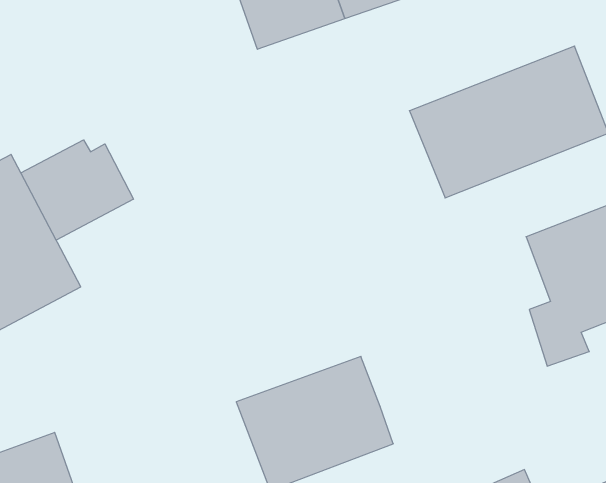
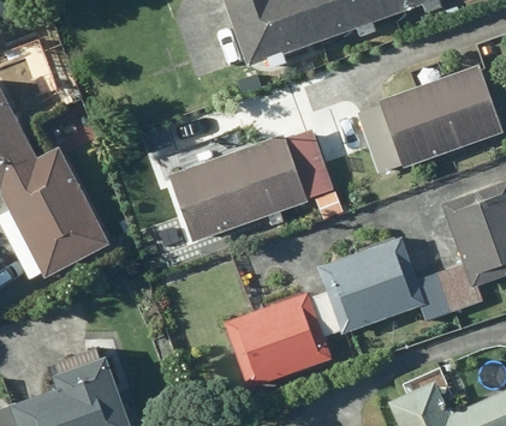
building: none -> [174,133,334,236]
building: [21,140,133,240] -> none
building: none -> [317,232,456,331]

